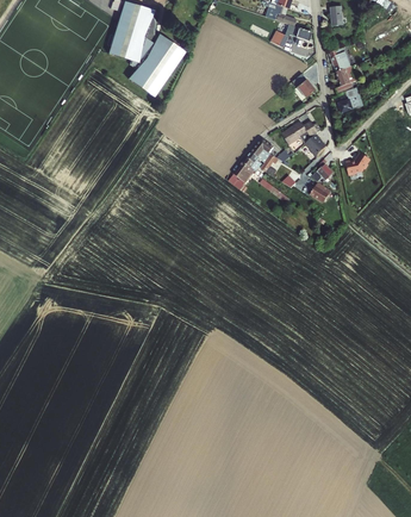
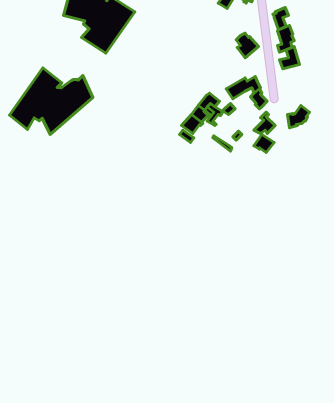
building: none -> [10,68,93,135]

